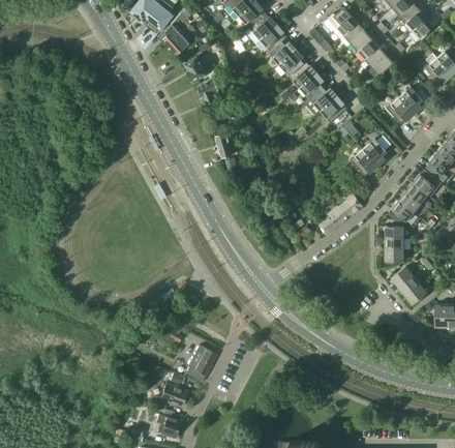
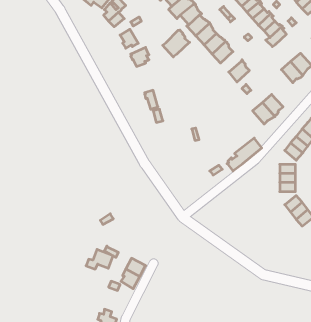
building: none -> [163,30,190,57]
building: [305,86,338,117] -> none
building: [154,384,188,409] -> [86,249,113,269]

